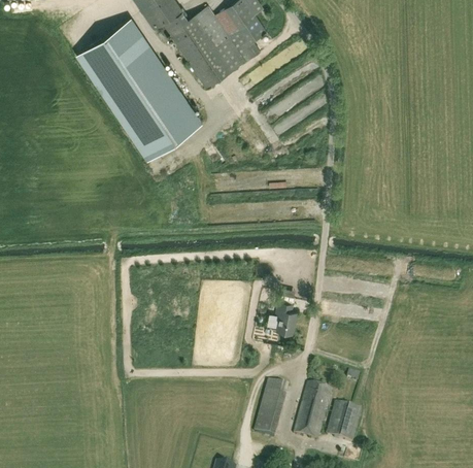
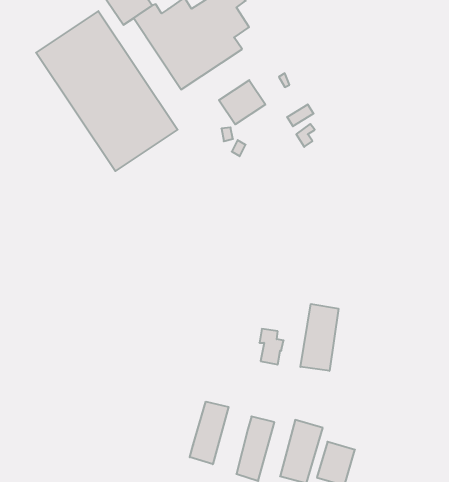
building: none -> [219,80,265,124]
building: none -> [300,304,338,371]
building: none -> [190,402,229,464]

